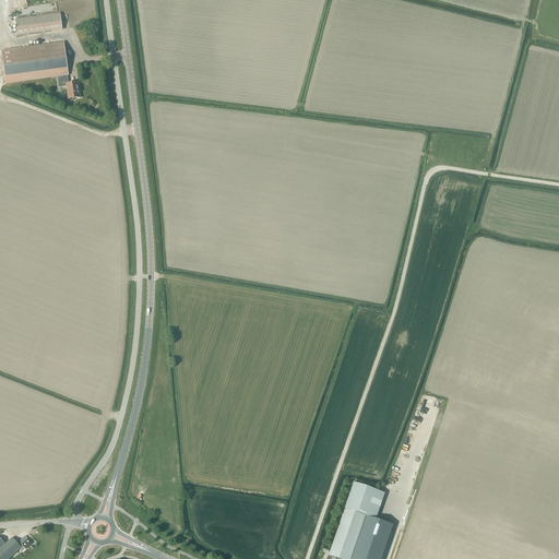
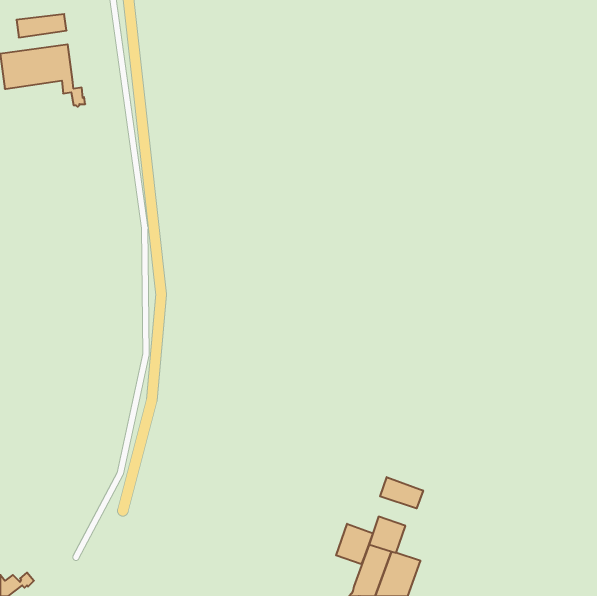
building: none -> [380,477,423,508]
building: none -> [336,524,373,564]

